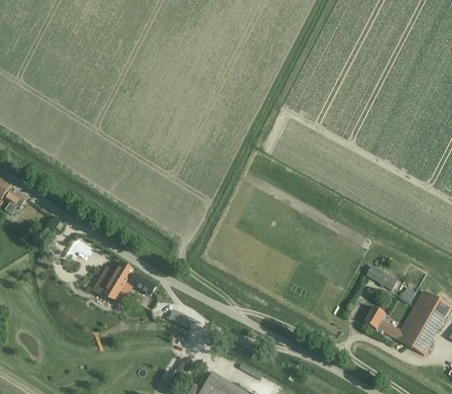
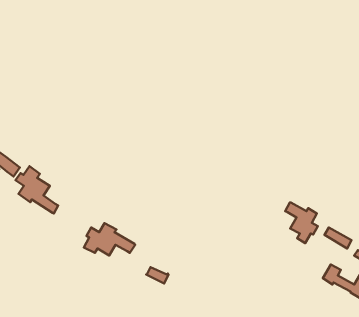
building: none -> [16,166,58,213]
building: none -> [285,202,318,243]

